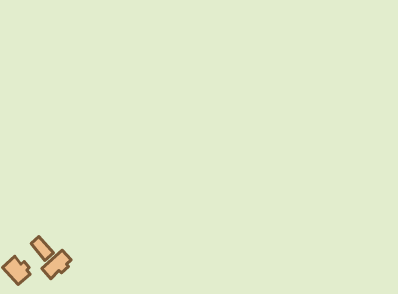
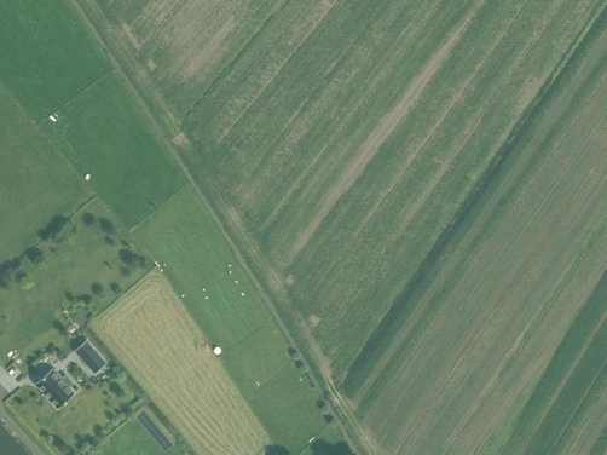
building: [42,250,71,279] -> none

